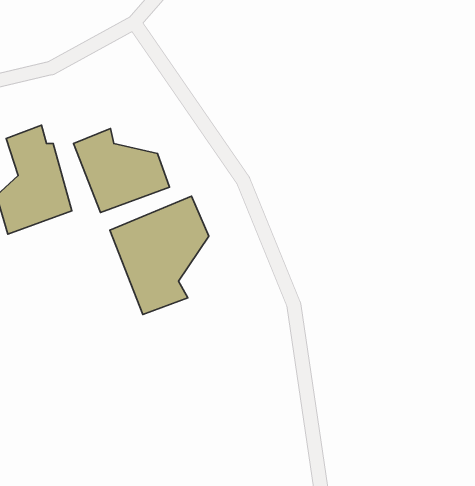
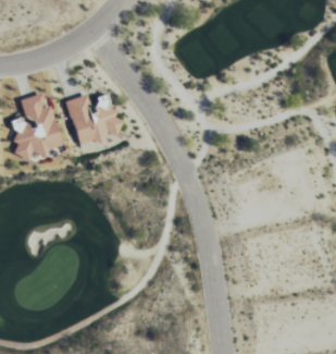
building: [110,196,209,314] -> none

